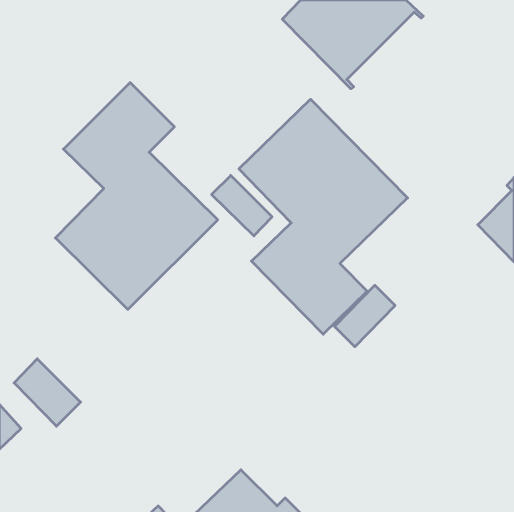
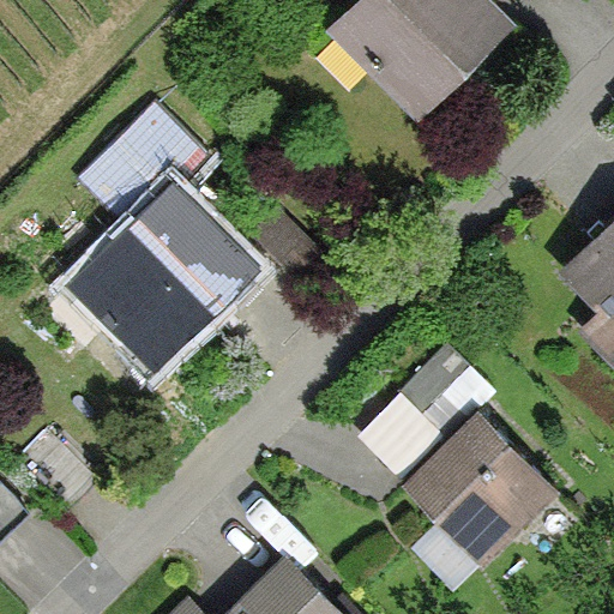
building: [239,99,408,334] -> none
building: none -> [405,413,554,560]

